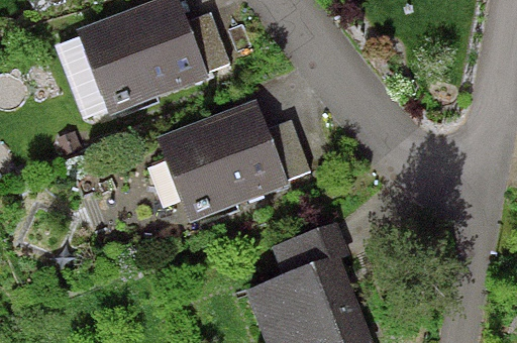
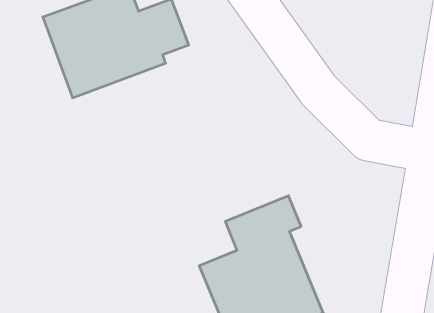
building: [158,103,311,222] -> none

